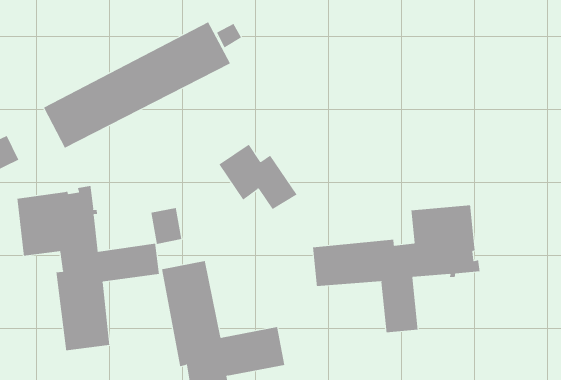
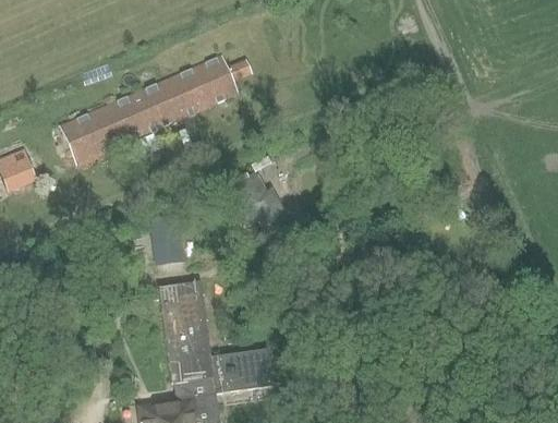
building: [17,185,160,351] -> none
building: [313,205,480,333] -> none

